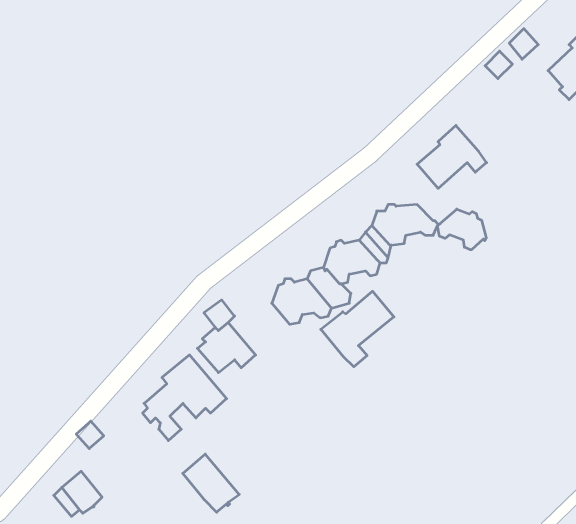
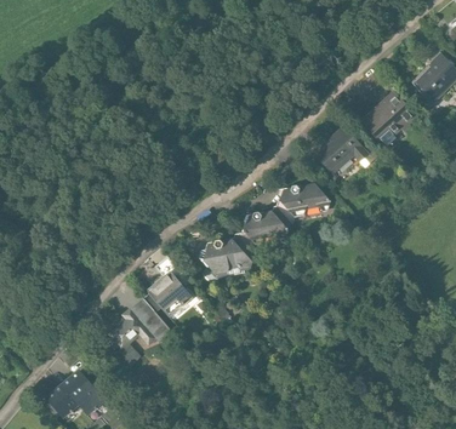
building: none -> [366,95,417,145]
building: [437,209,486,250] -> none
building: [321,291,394,367] -> none
building: [183,454,239,512] -> [63,370,106,413]

